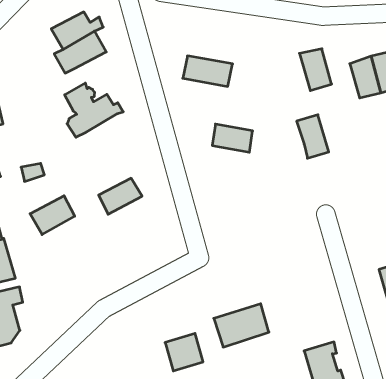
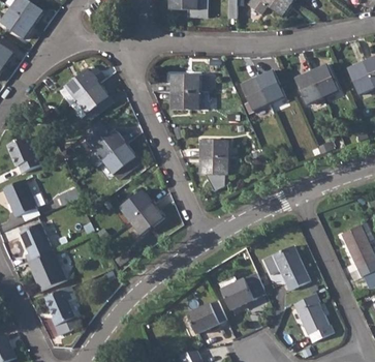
building: none -> [171,74,207,92]
building: none -> [103,143,137,179]
building: [297,115,329,158] -> [241,77,269,111]
building: none -> [200,156,229,174]
building: [30,196,75,235] -> [129,203,163,235]
building: none -> [272,244,308,289]

